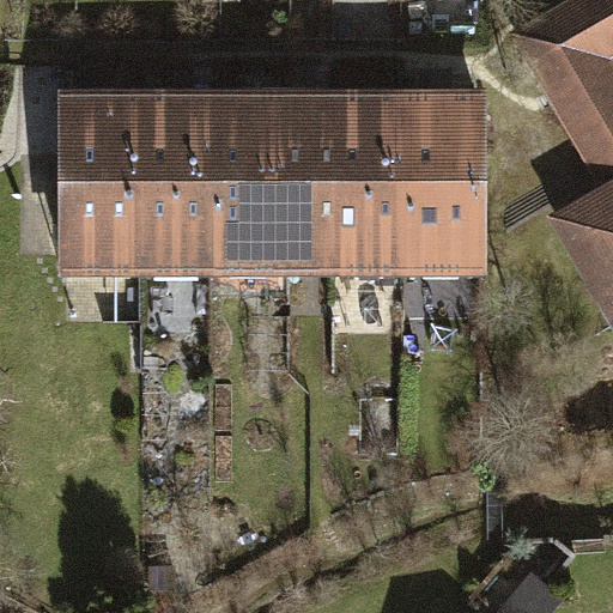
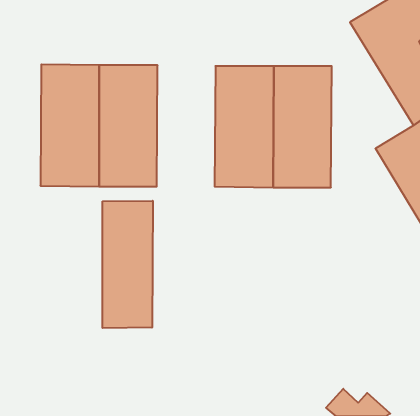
building: [230,95,315,271] -> none
building: none -> [103,201,153,328]

